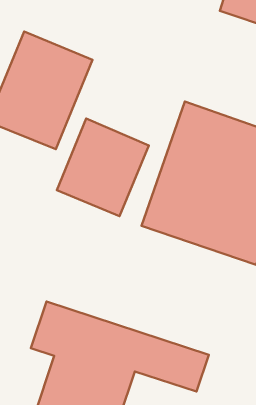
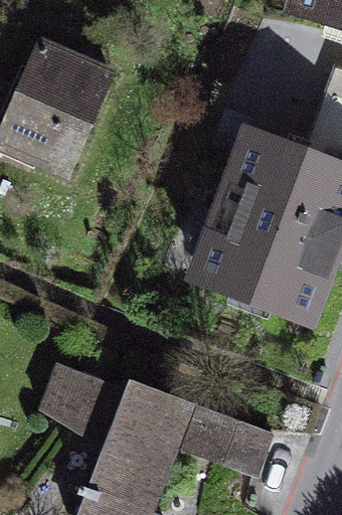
building: [57,119,149,216] -> none

